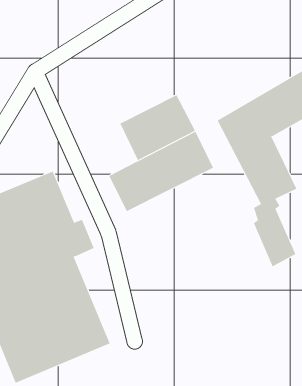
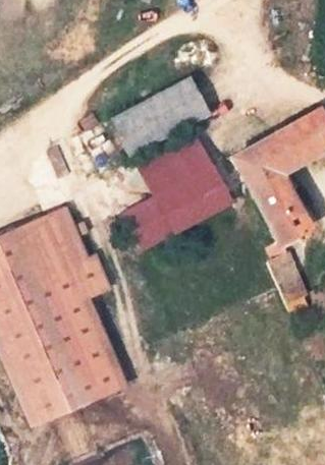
building: none -> [112,78,206,154]

